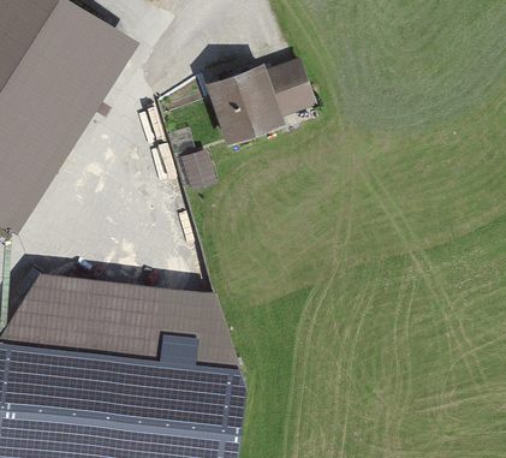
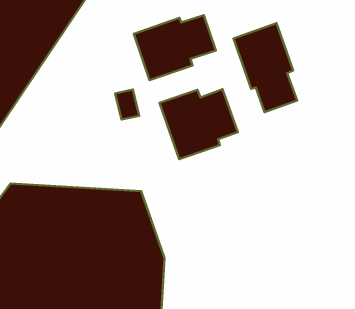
building: none -> [234,23,297,112]
building: none -> [159,89,238,159]

